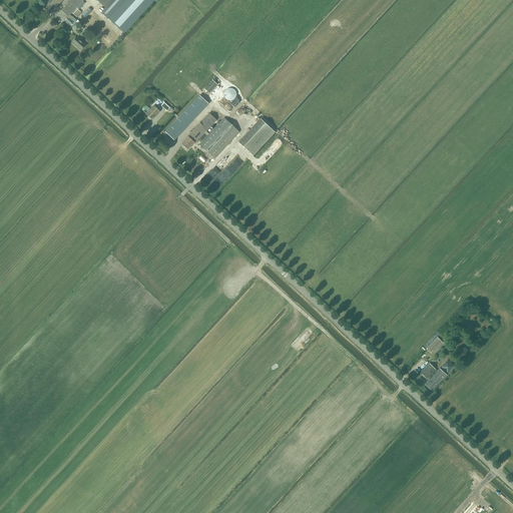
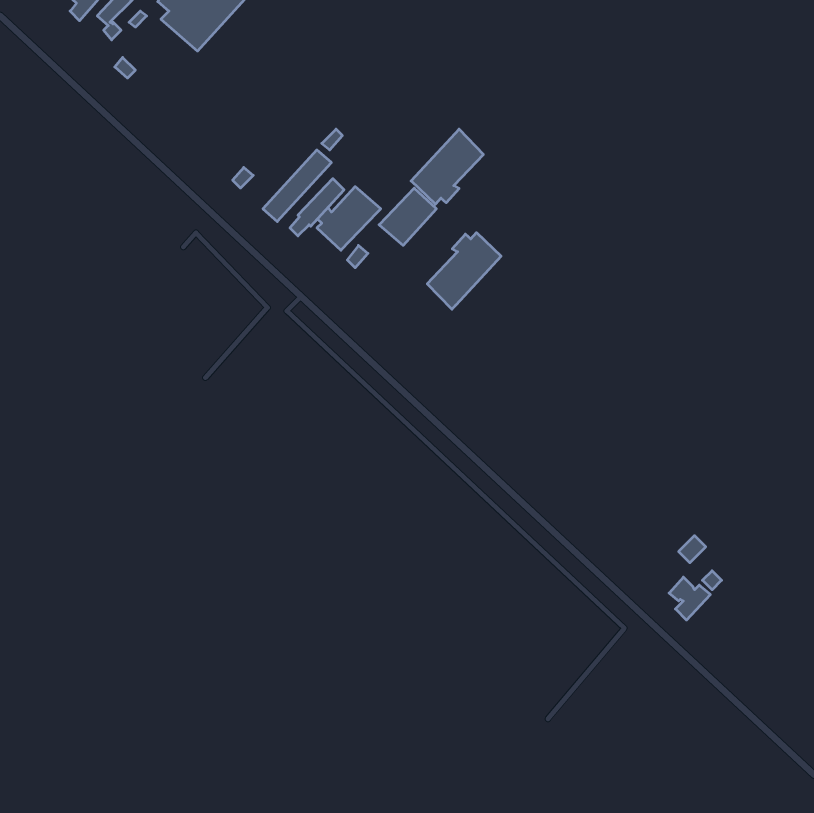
building: none -> [411,129,483,204]
building: none -> [427,233,501,309]

